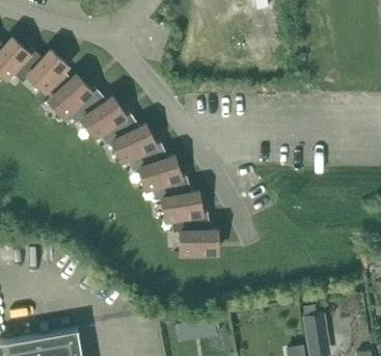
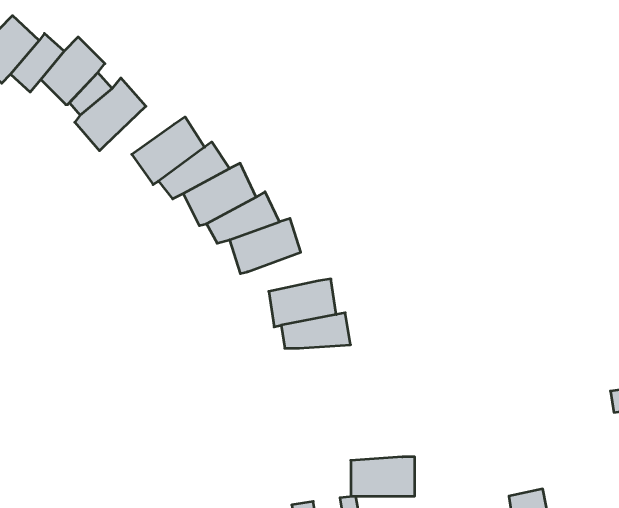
building: [66,86,107,122] -> none
building: [149,174,191,199] -> none
building: [180,229,217,252] -> [351,457,415,496]

